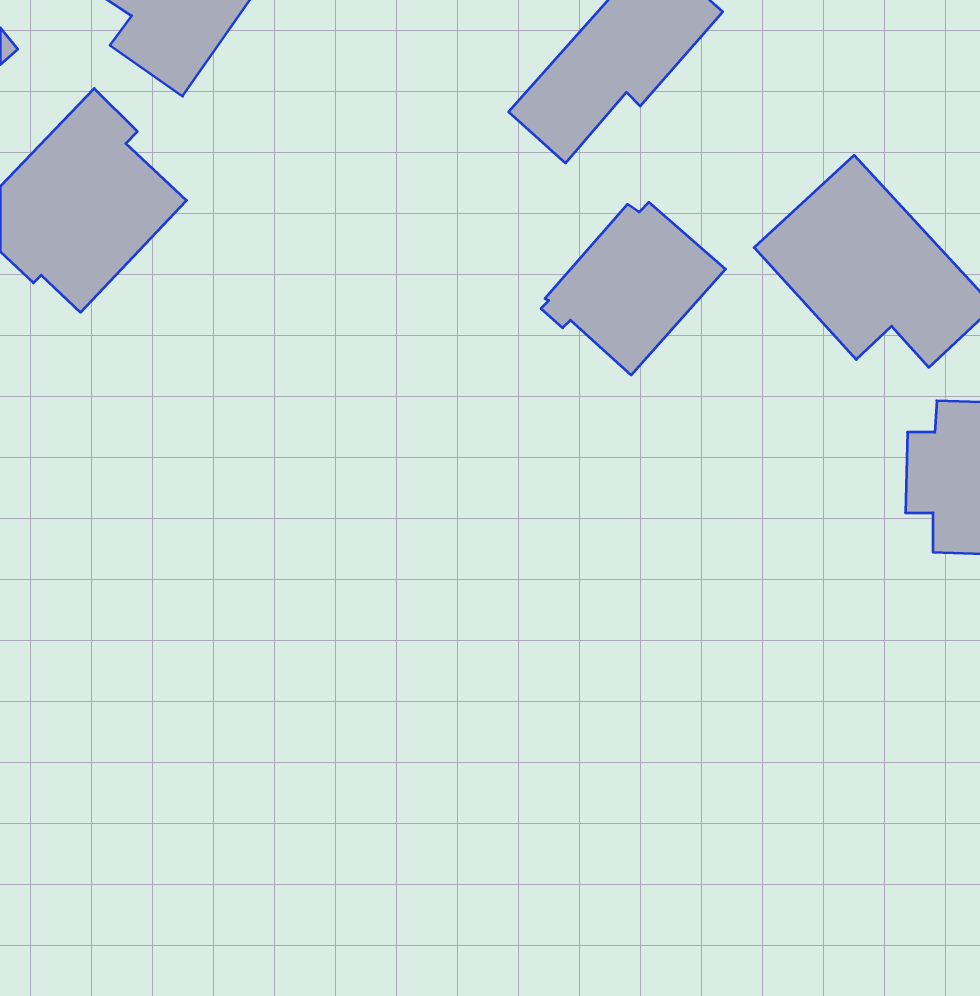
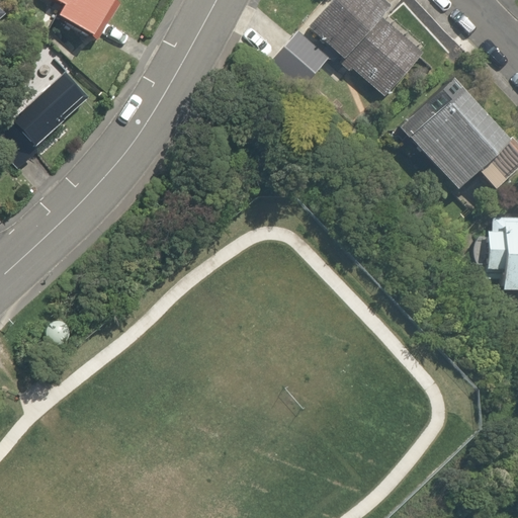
building: [541,202,726,375] -> [340,5,435,94]

